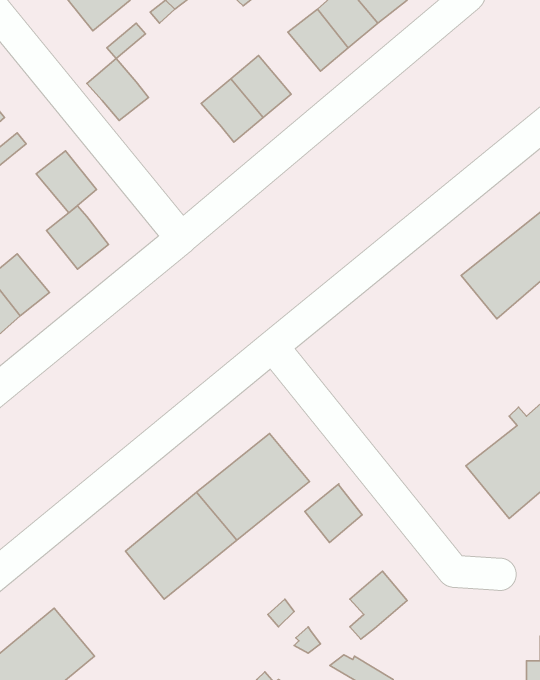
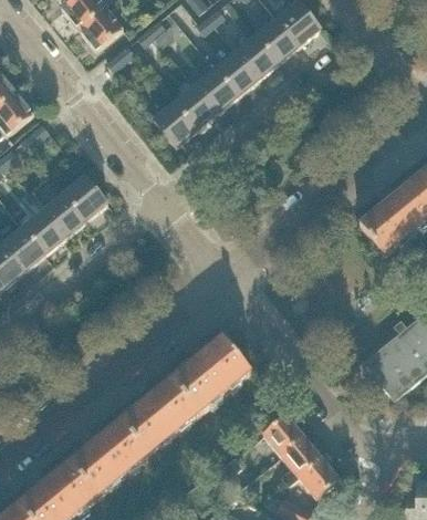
building: none -> [215,51,259,95]
building: [87,59,149,121] -> [153,102,197,146]
building: [36,151,97,213] -> [42,193,85,237]
building: [305,484,362,543] -> [262,414,303,456]
building: none -> [69,422,147,497]
building: none -> [298,457,340,499]

